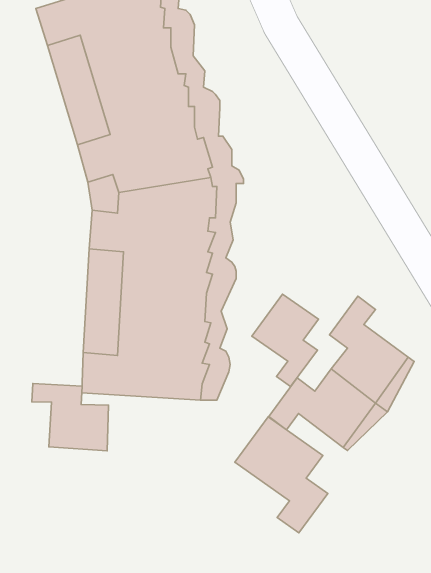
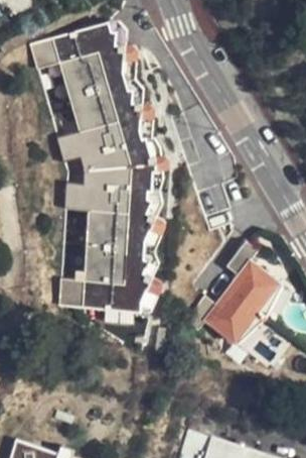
building: [252,294,319,387] -> none
building: [32,384,109,451] -> none
building: [235,417,328,533] -> none

